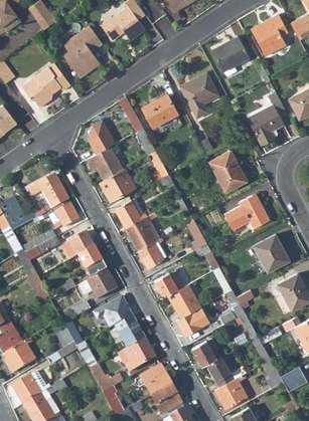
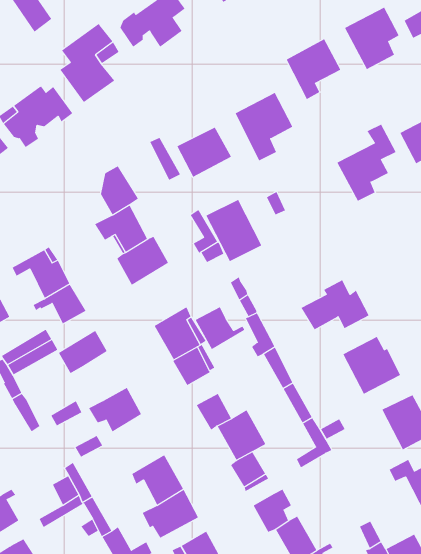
building: [206,152,245,194] -> [205,199,262,262]
building: [114,199,148,228] -> [195,306,246,350]
building: [78,245,105,278] -> none
building: [93,296,132,328] -> none

